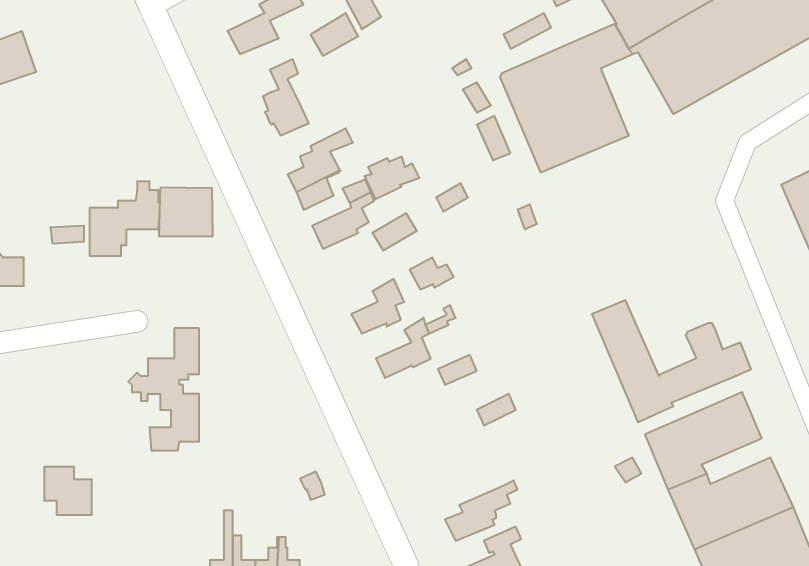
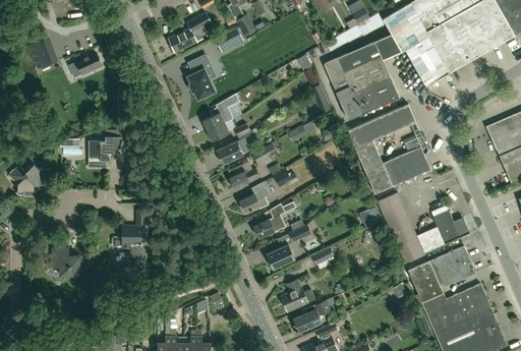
building: none -> [68,53,102,77]
building: none -> [347,105,430,194]
building: [365,157,419,199] -> [228,165,259,189]
building: [159,187,212,237] -> none
building: none -> [266,244,295,270]
building: none -> [281,280,308,312]
building: [44,467,92,515] -> [52,248,79,276]

